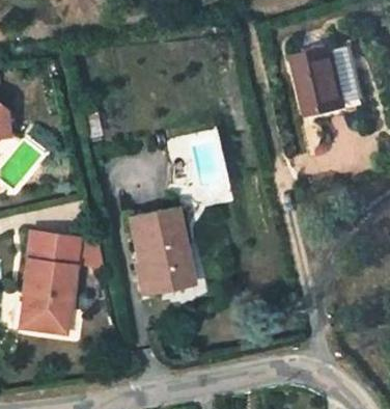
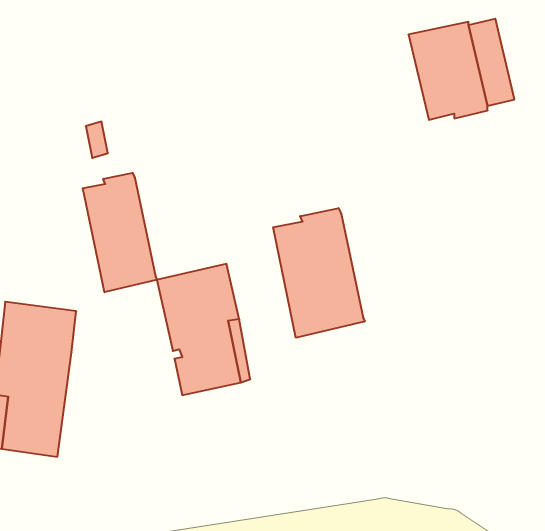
building: none -> [83,173,157,292]
building: none -> [273,208,365,338]

